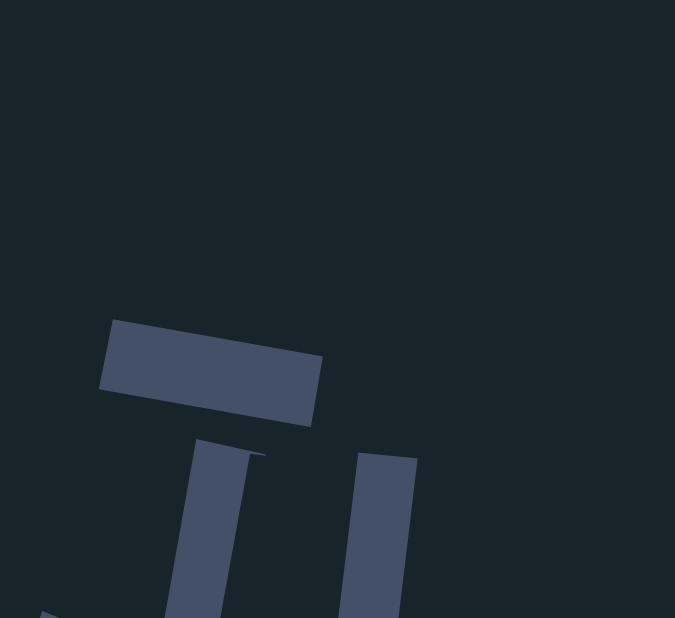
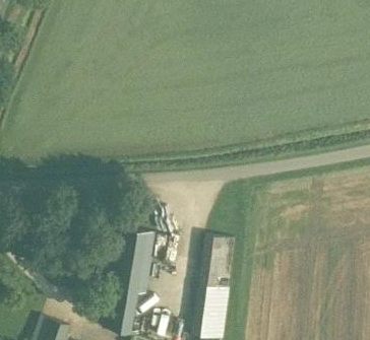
building: [98,319,323,428] -> none

